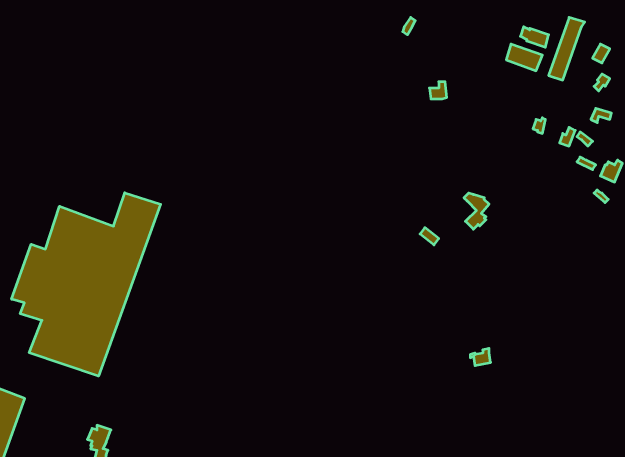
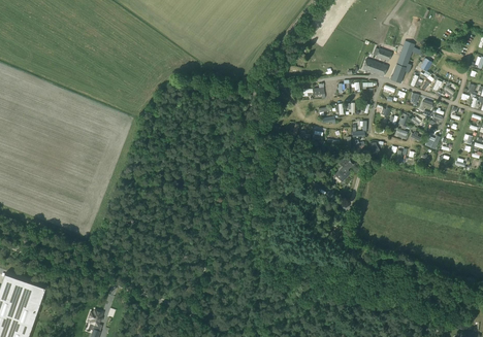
building: [12,193,161,376] -> none

